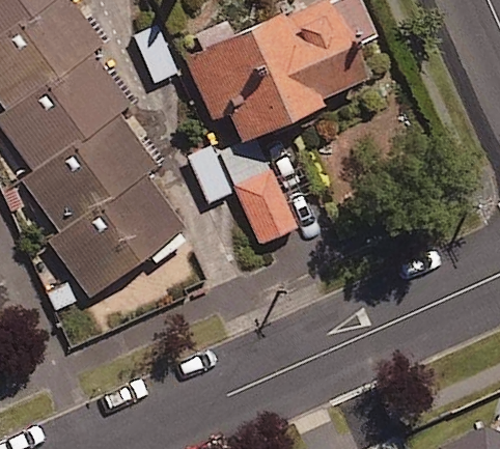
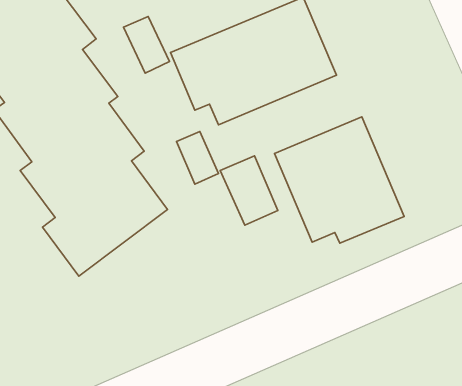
building: none -> [275,117,404,243]

